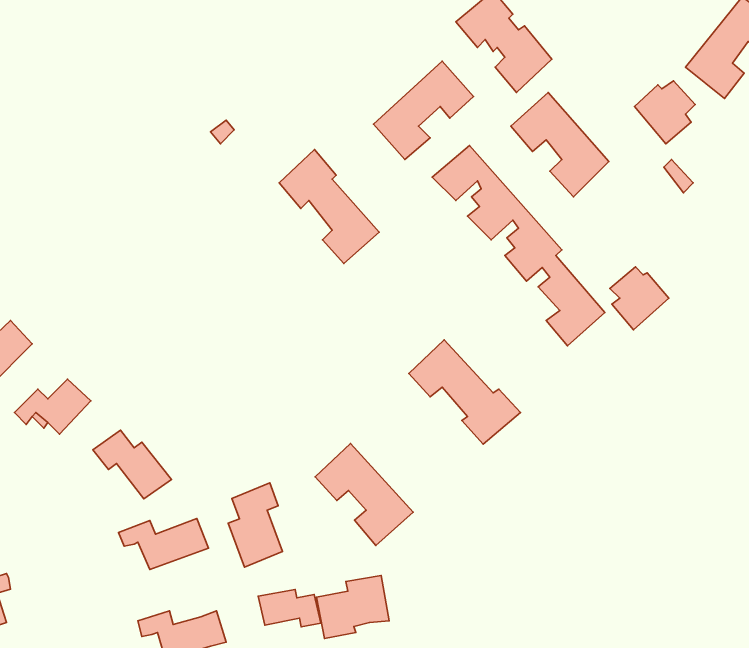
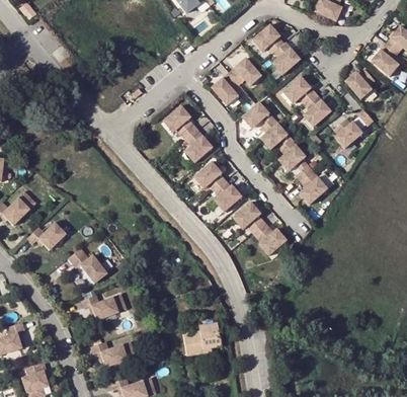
building: [610,267,669,330] -> [333,116,363,149]
building: [315,444,413,546] -> [191,160,242,213]
building: [228,483,283,567] -> none
building: [258,589,321,627] -> none

